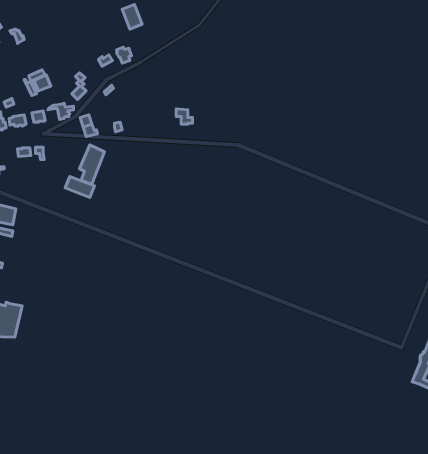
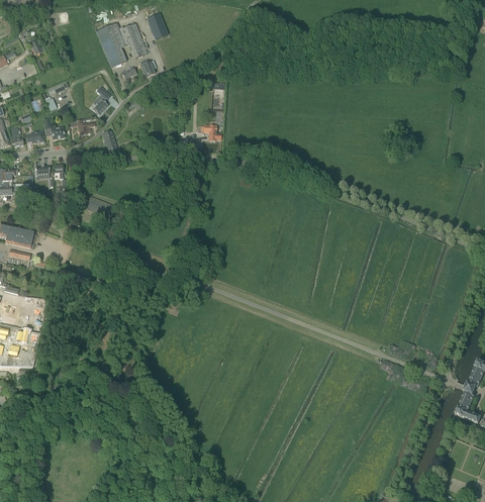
building: none -> [96,23,148,67]
building: [79,145,104,184] -> none

